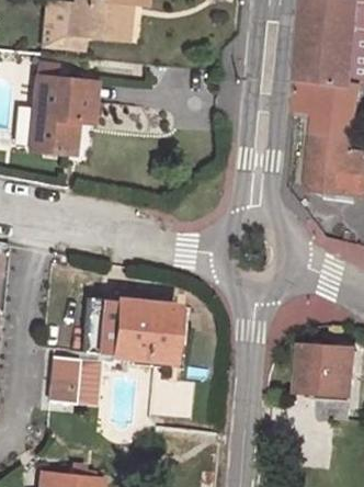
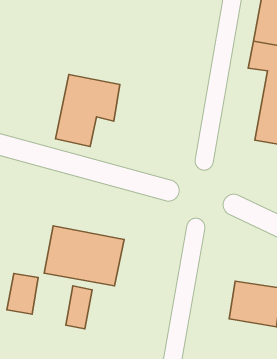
building: [27,76,94,155] -> [56,74,120,147]
building: none -> [66,286,92,329]

